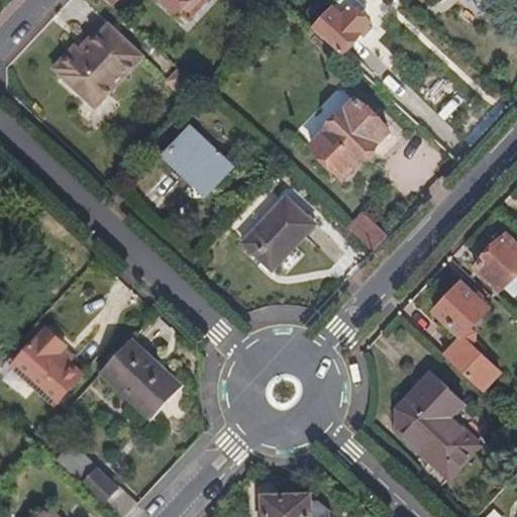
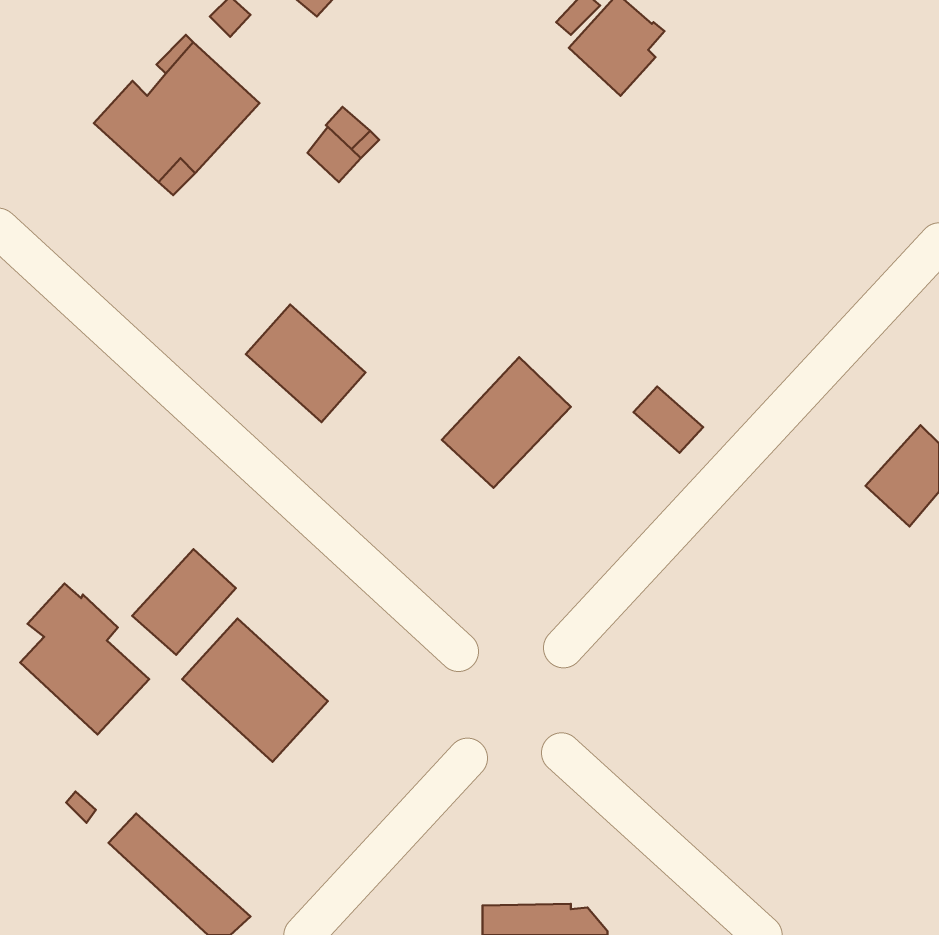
building: [311,97,390,176] -> none
building: [164,127,229,192] -> [246,304,366,422]
building: [434,281,497,389] -> none
building: none -> [132,549,236,655]
building: [397,370,478,475] -> none

